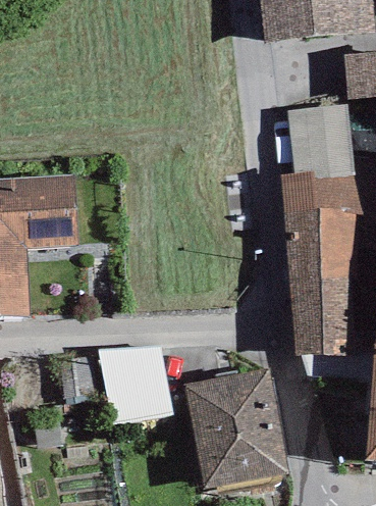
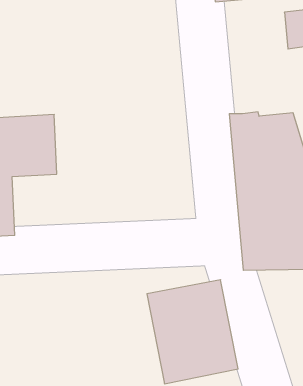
building: [288,104,354,176] -> none
building: [98,347,174,425] -> none

